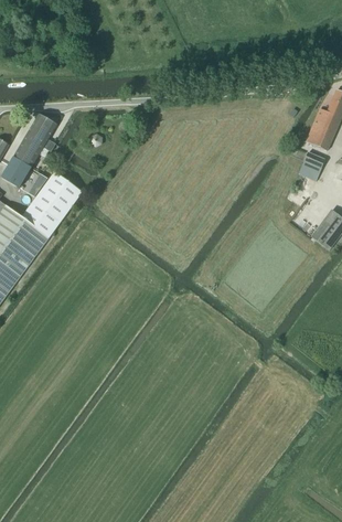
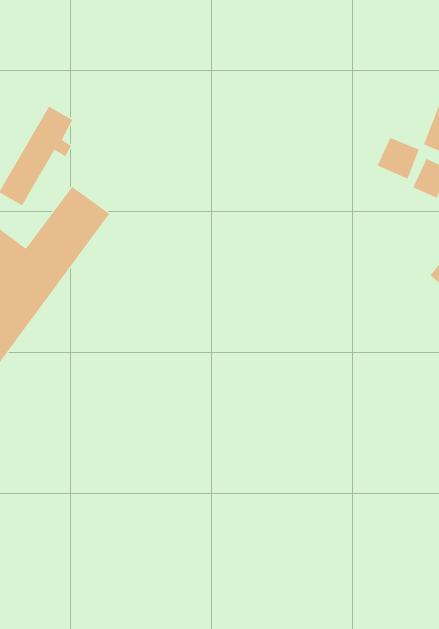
building: none -> [377,137,420,179]

